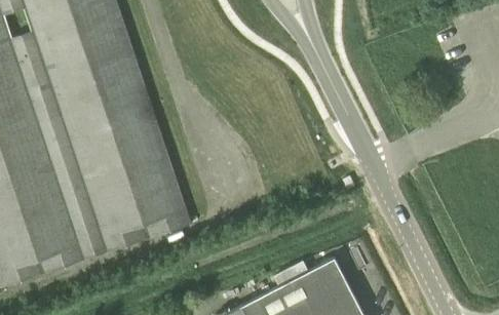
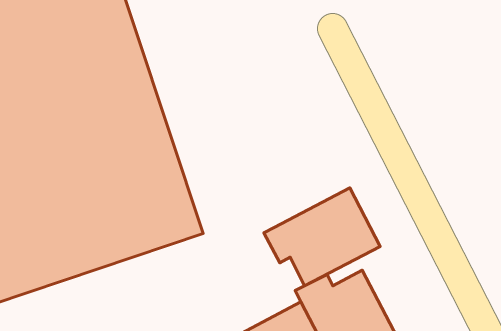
building: none -> [264,188,380,286]

